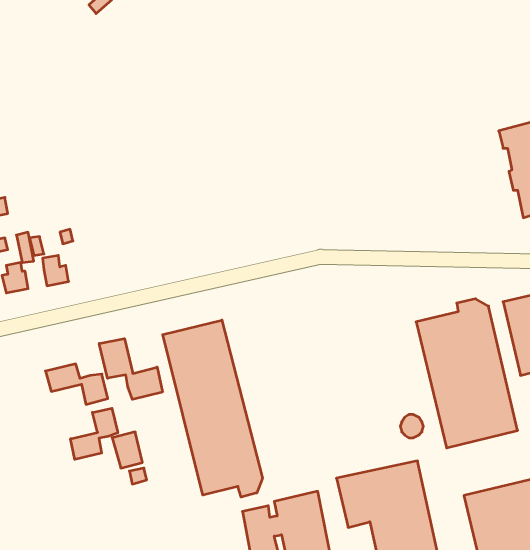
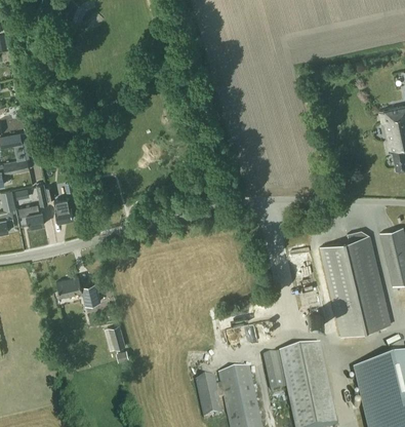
building: [163,320,262,497] -> none
building: [99,339,162,399] -> none
building: [71,408,118,459] -> none

